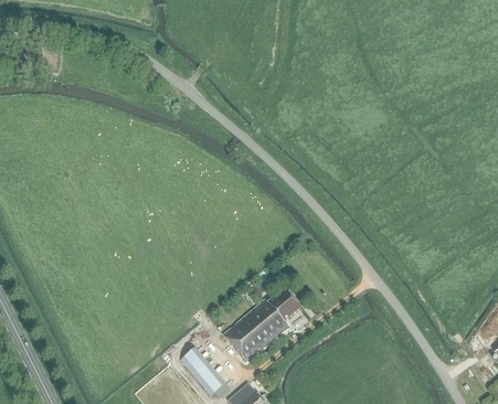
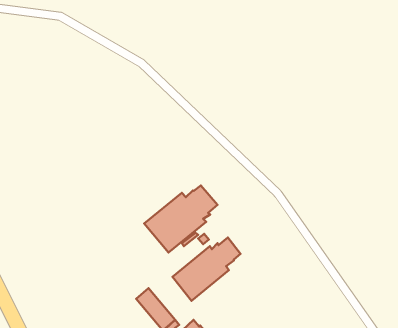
building: none -> [144,186,218,253]

